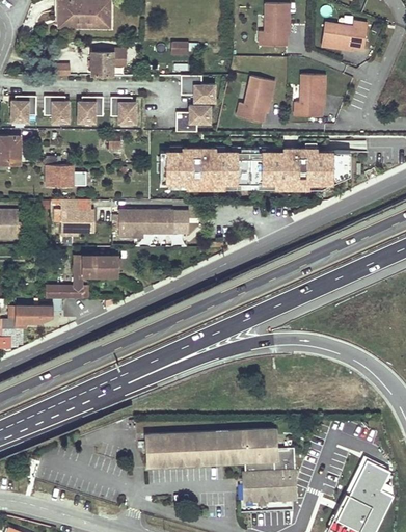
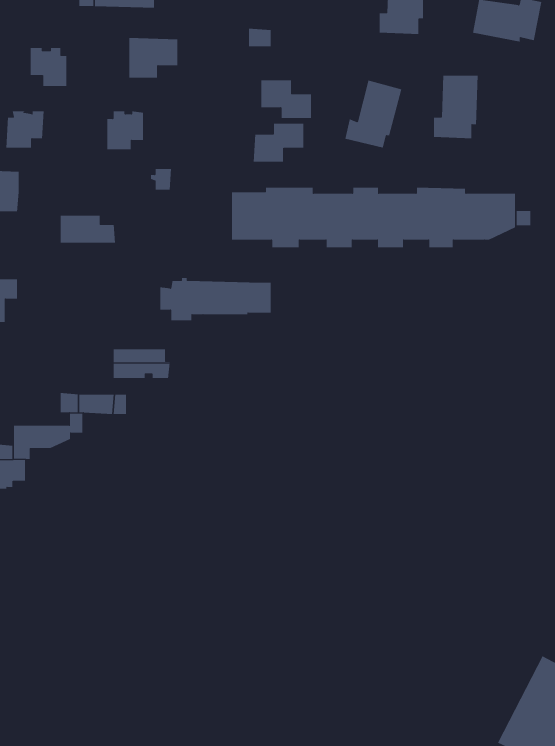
building: [43,97,67,123] -> [30,48,67,87]
building: [110,97,135,123] -> none
building: [55,198,94,234] -> none
building: [145,429,302,505] -> none

